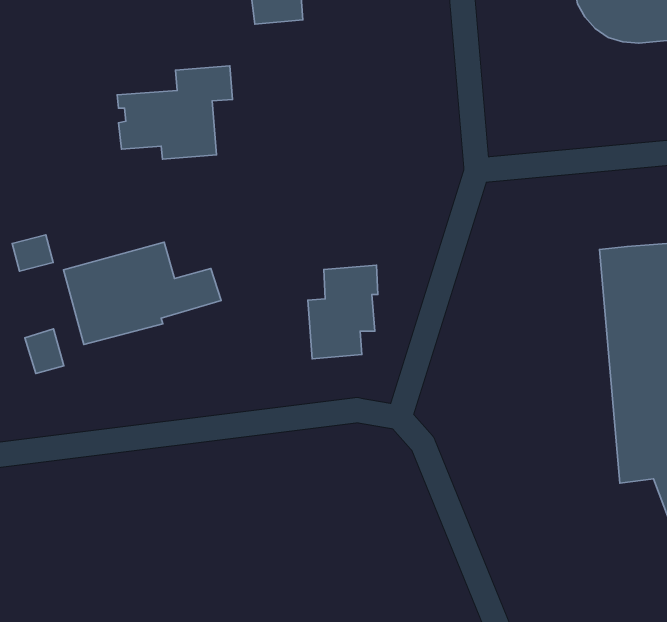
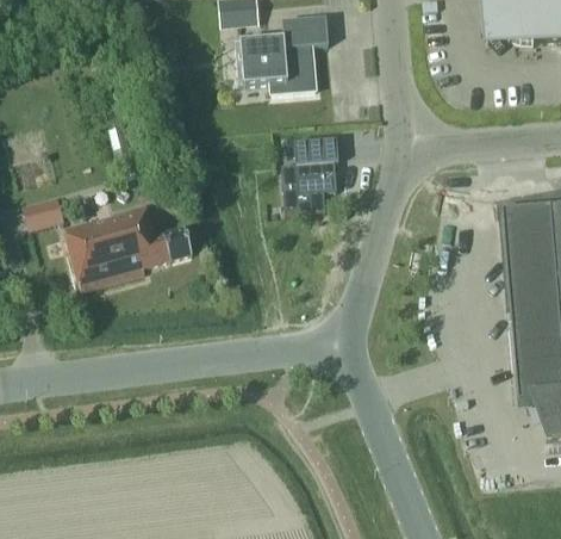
building: [117,66,233,159] -> [236,17,330,93]
building: [308,265,378,359] -> [282,137,339,213]
building: [25,329,64,374] -> none

